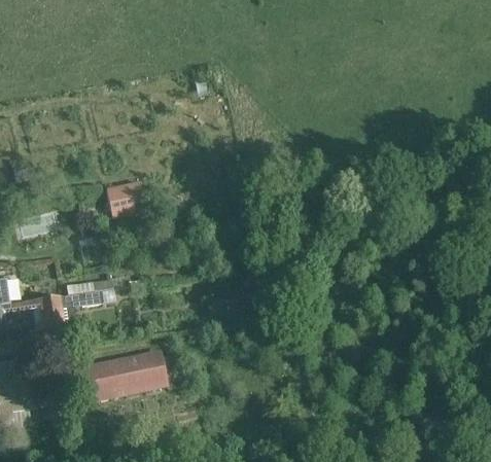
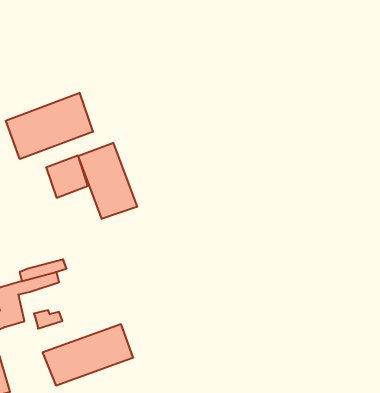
building: none -> [6,93,93,159]
building: none -> [78,143,137,219]

